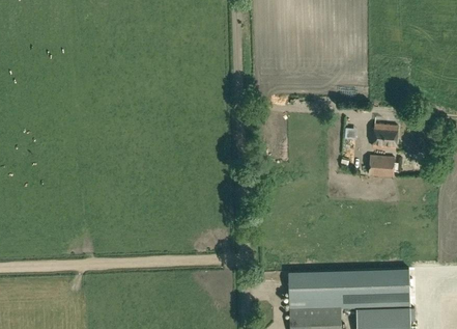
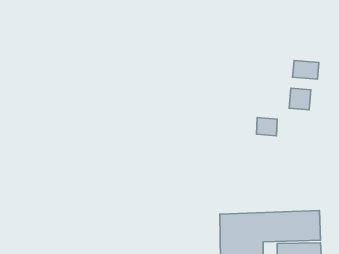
building: none -> [293,60,319,79]
building: [369,155,394,176] -> [256,118,277,136]

